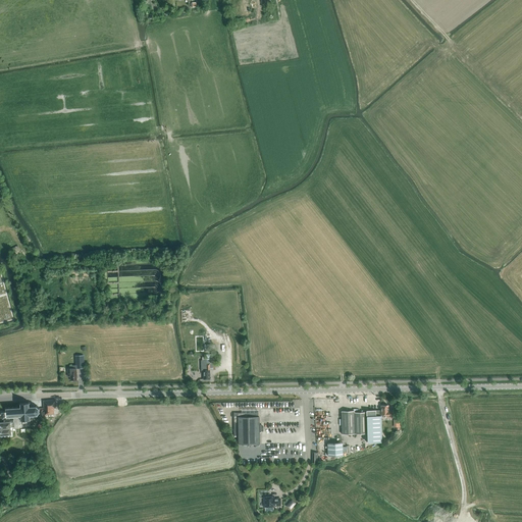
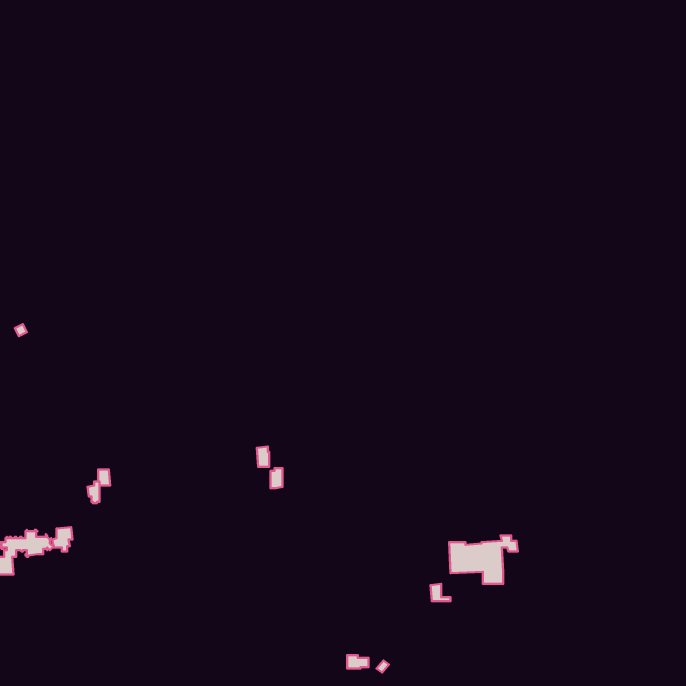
building: [232,414,264,446] -> none

